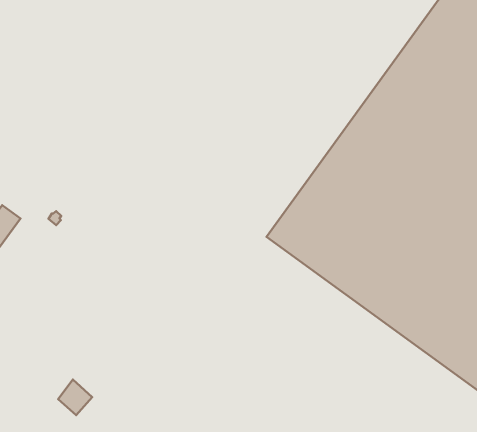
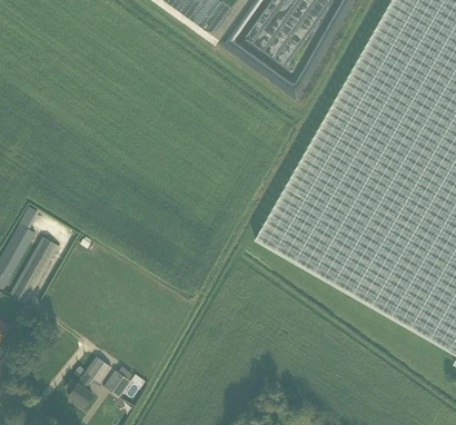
building: none -> [65,356,111,407]

